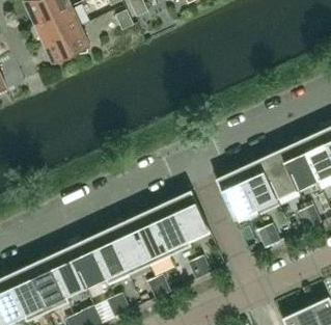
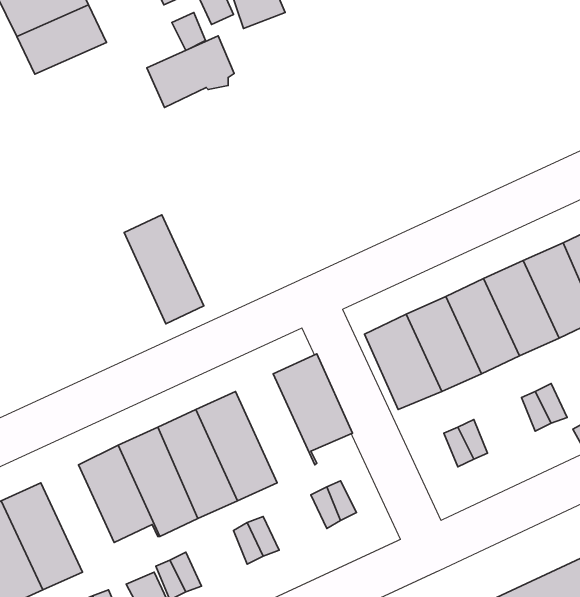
building: [44,26,89,63] -> [147,36,234,107]
building: [148,199,190,256] -> [124,215,204,324]
building: [47,247,85,303] -> none

